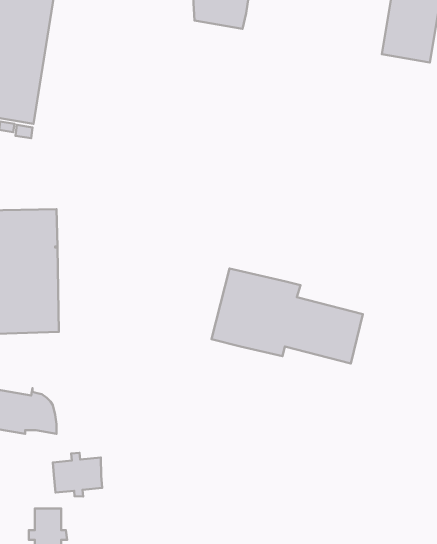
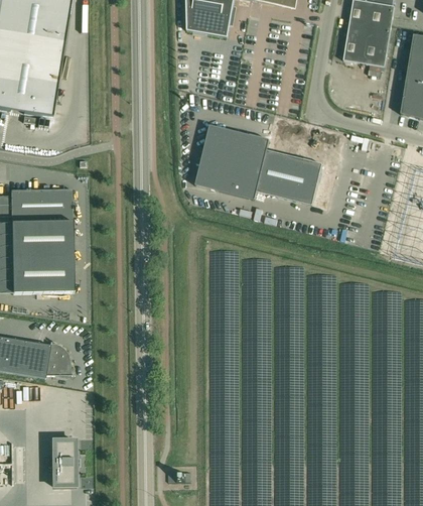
building: [212,268,363,363] -> [194,124,321,204]
building: [53,453,102,497] -> none

